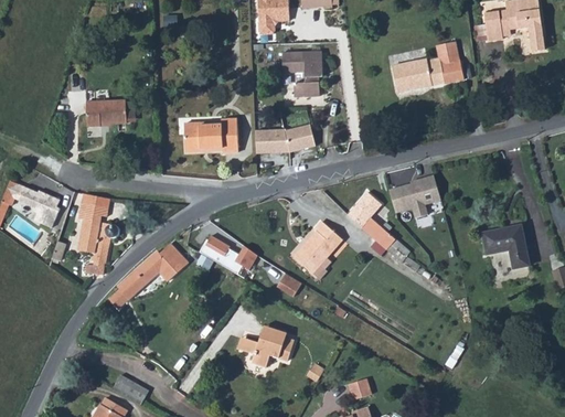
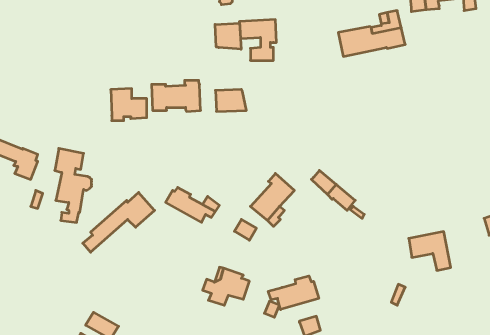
building: none -> [215,23,241,49]
building: [86,89,126,125] -> [111,89,147,121]
building: [285,124,316,151] -> none
building: [392,175,441,221] -> none
building: [349,191,383,225] -> none
building: [482,225,529,268] -> [409,232,451,270]
building: none -> [268,276,319,310]

